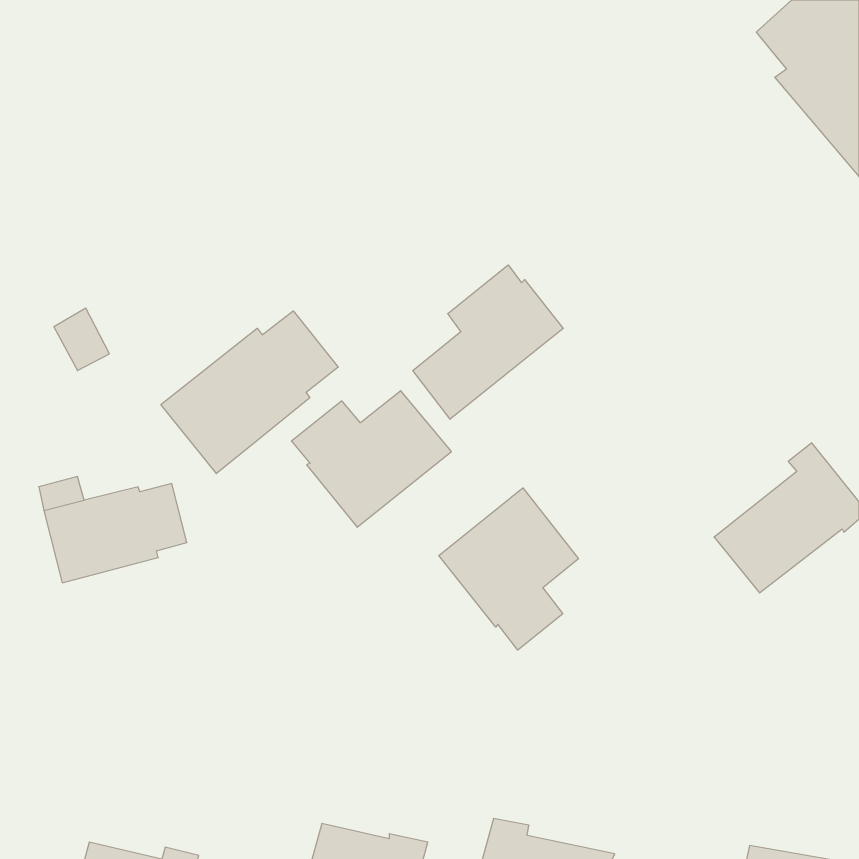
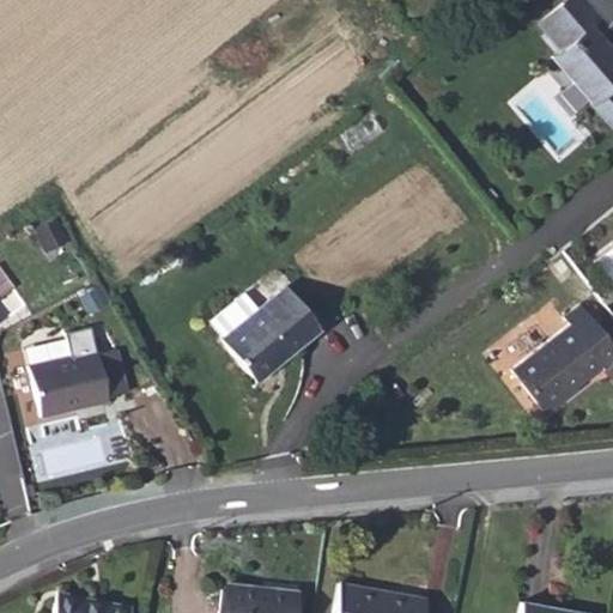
building: [413,265,563,419] -> none
building: [161,311,338,474] -> none
building: [439,488,578,650] -> none

